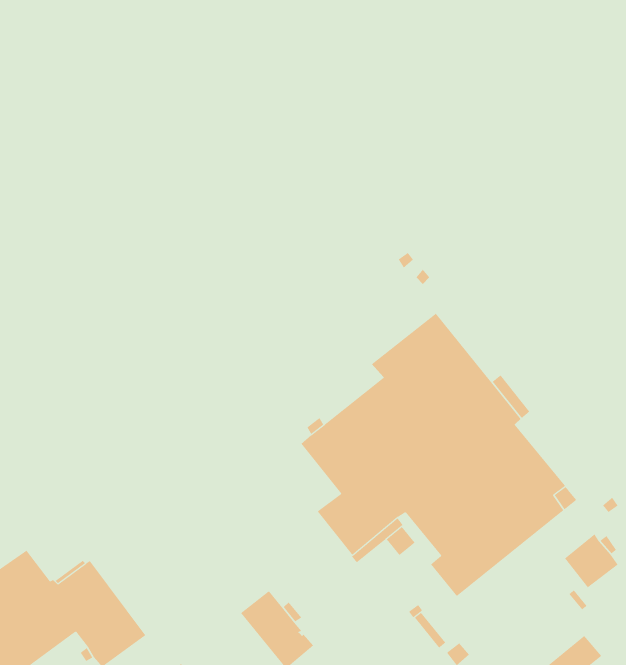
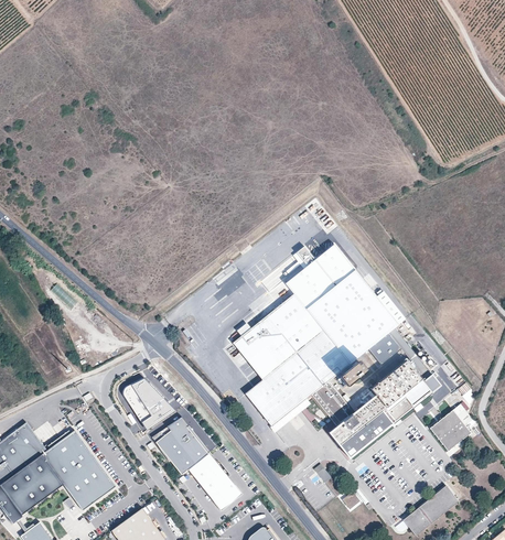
building: none -> [123,379,175,430]
building: none -> [155,415,208,475]

